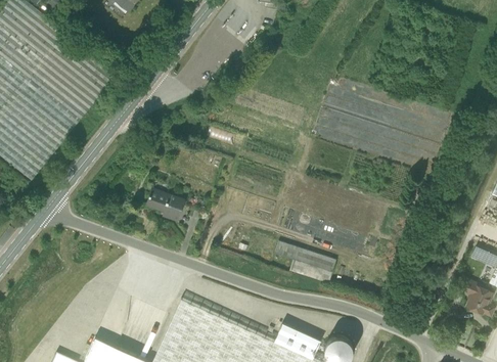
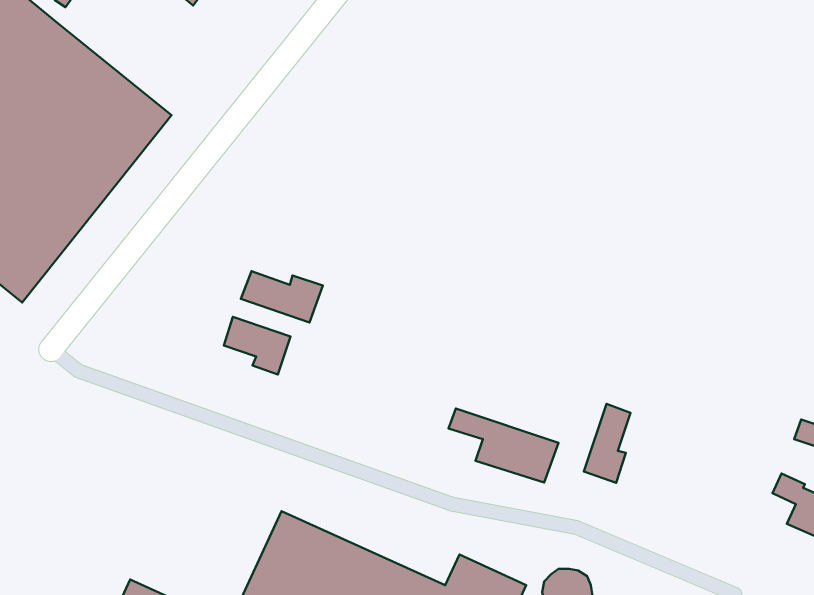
building: none -> [241,271,323,323]
building: none -> [584,404,631,483]

